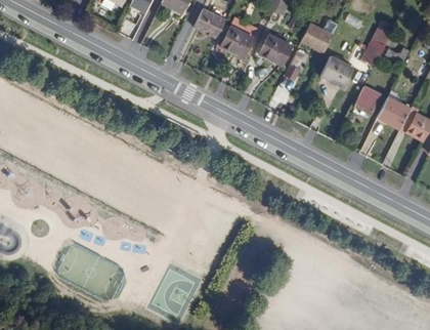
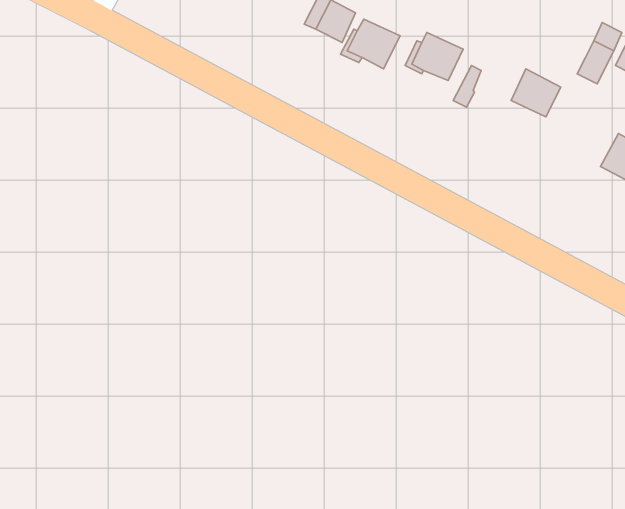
building: [301,23,334,52] -> none
building: [354,86,381,114] -> none

